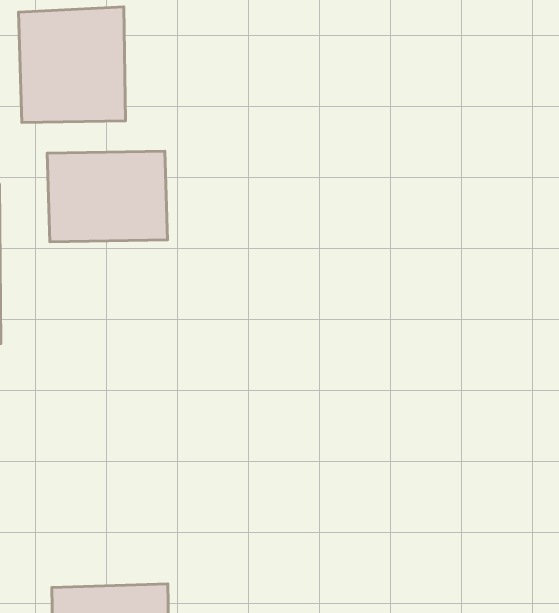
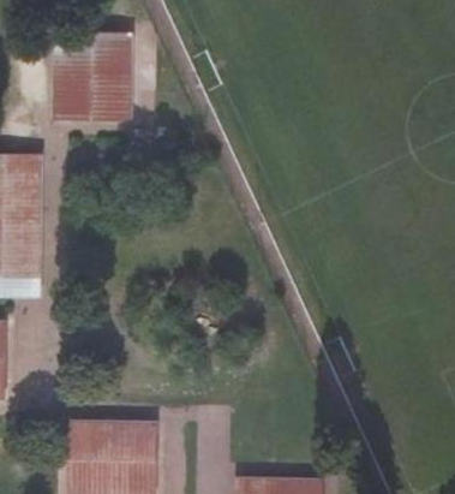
building: [47,151,167,242] -> none

